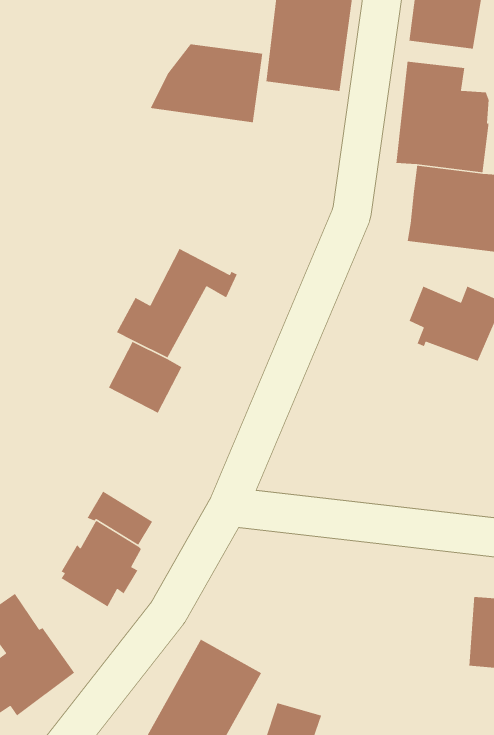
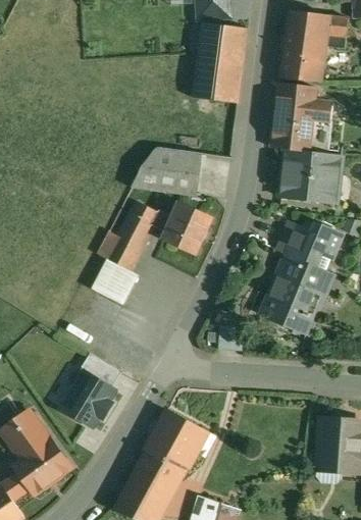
building: [150,43,263,123] -> [132,146,203,196]
building: none -> [163,201,212,254]
building: none -> [264,259,324,331]
building: none -> [150,412,207,466]

